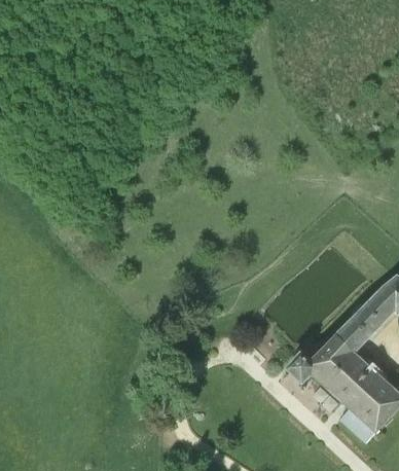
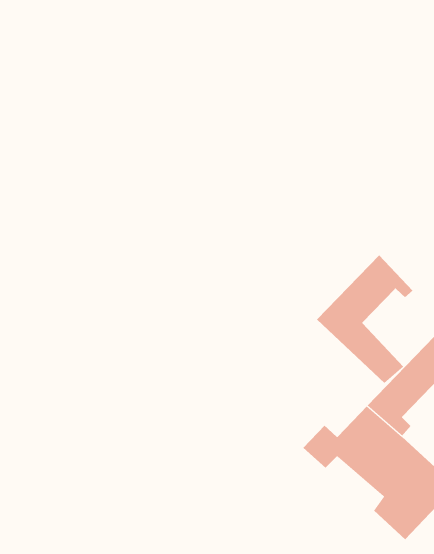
building: none -> [316,255,413,384]

